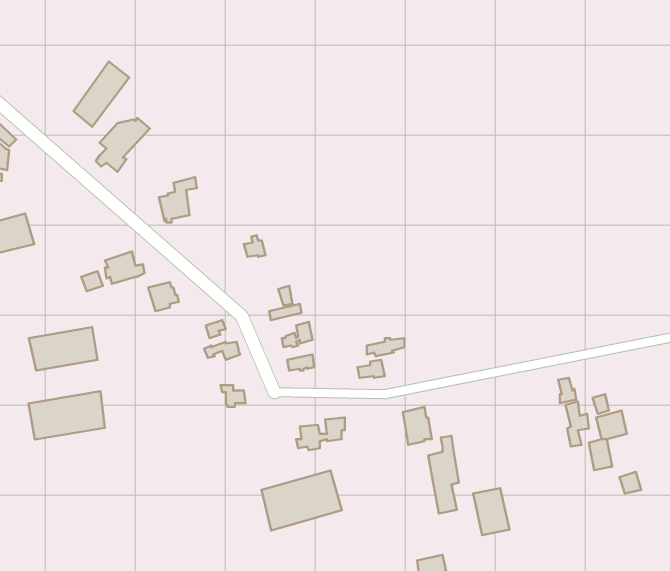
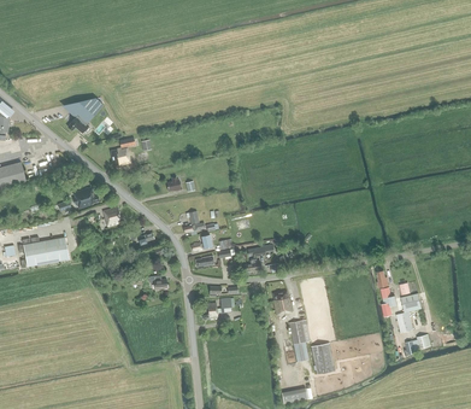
building: [73,61,129,127] -> none
building: [29,391,105,439] -> none
building: [261,471,342,531] -> none

